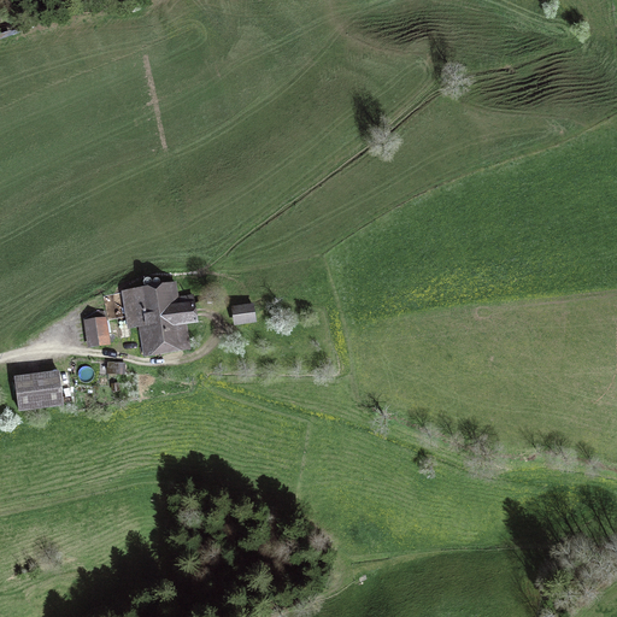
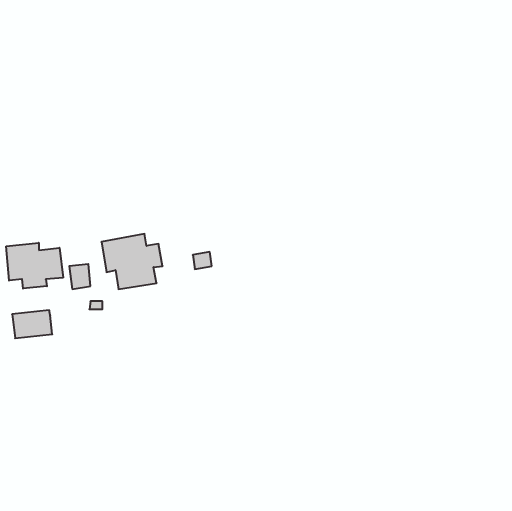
building: none -> [6,243,63,289]

